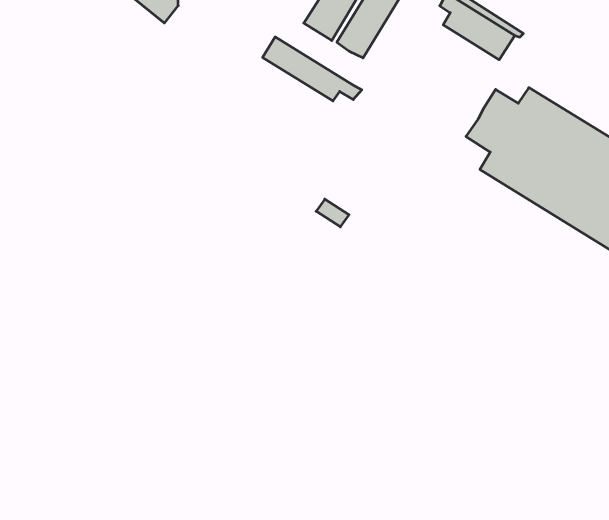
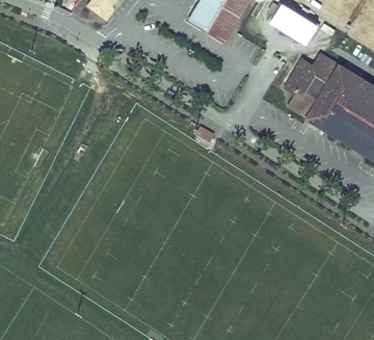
building: [263,37,362,101] -> none

